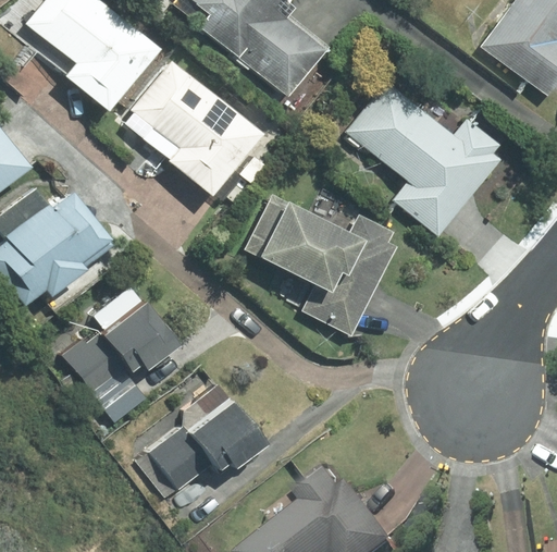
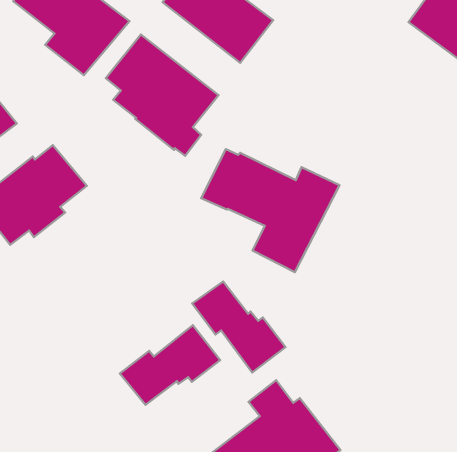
building: [345,82,500,236] -> none
building: [60,286,180,425] -> none
building: none -> [192,281,286,372]

